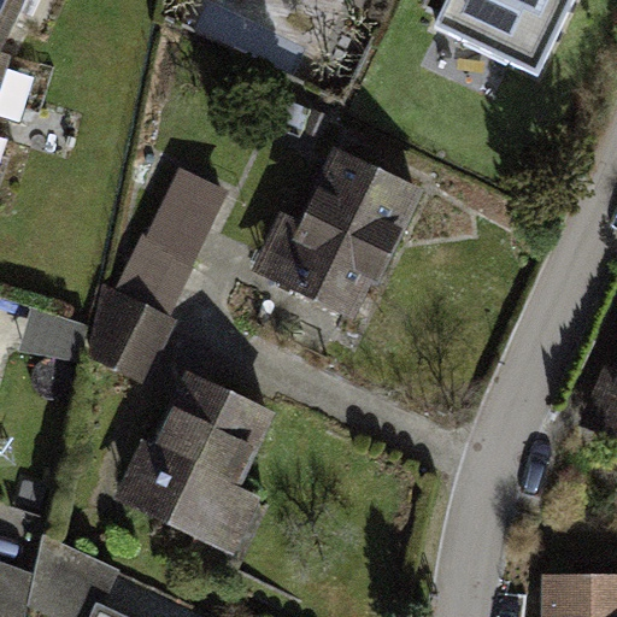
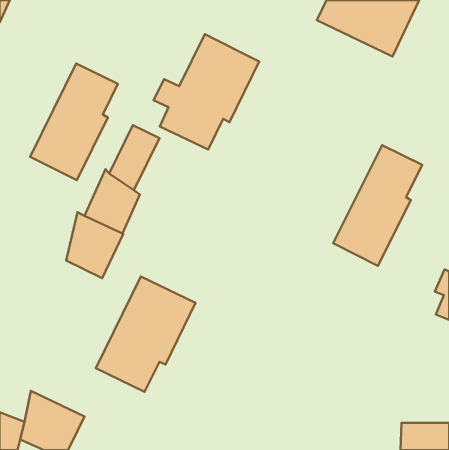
building: none -> [30,63,118,180]
building: [271,155,416,313] -> [154,34,259,150]
building: none -> [333,145,422,266]

